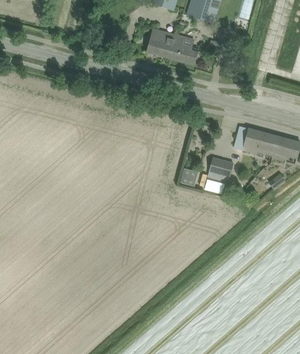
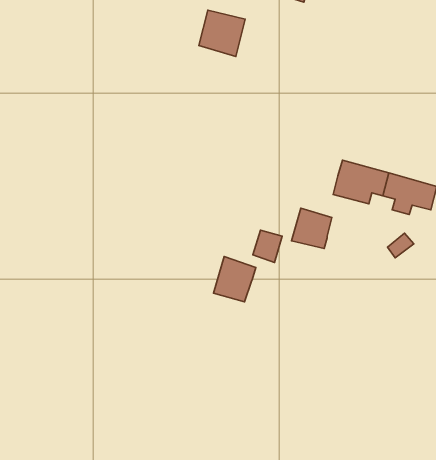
building: [170,34,197,64] -> none
building: none -> [213,256,256,302]

